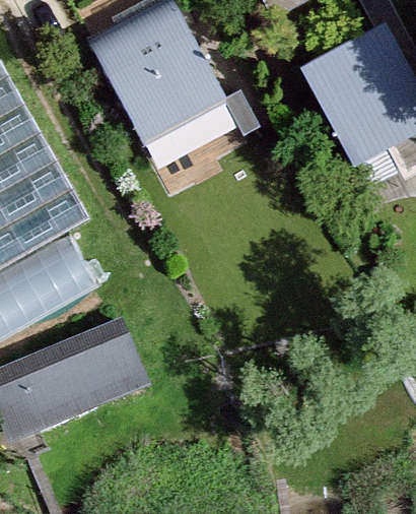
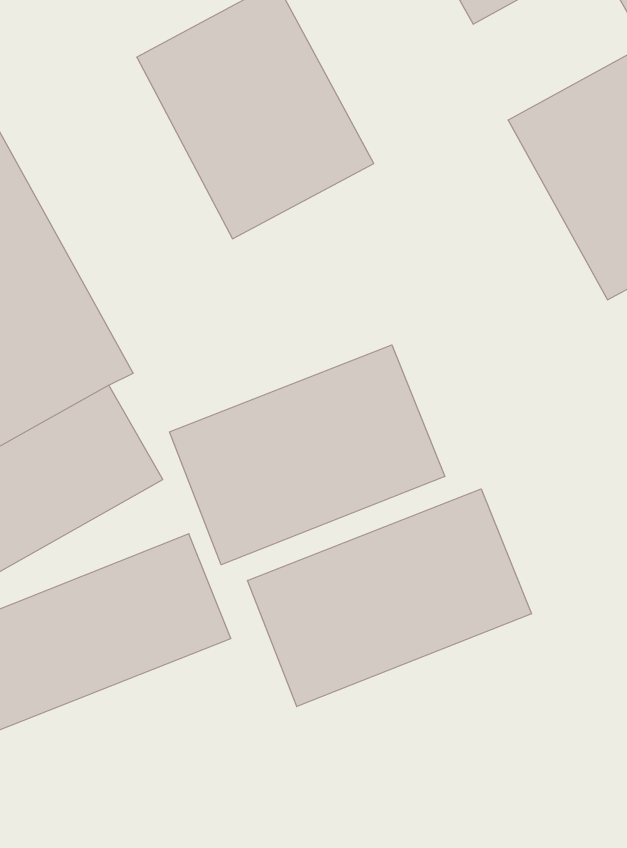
building: none -> [169,345,445,565]
building: none -> [248,489,531,707]

